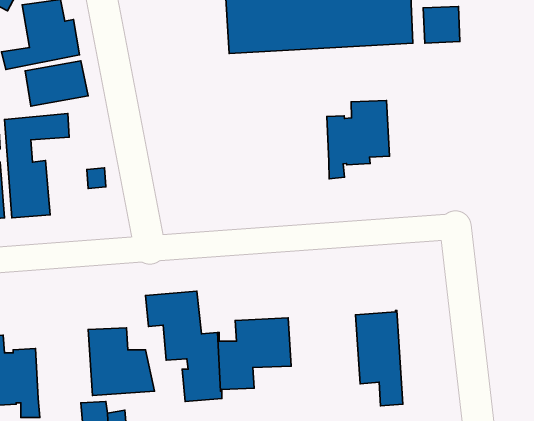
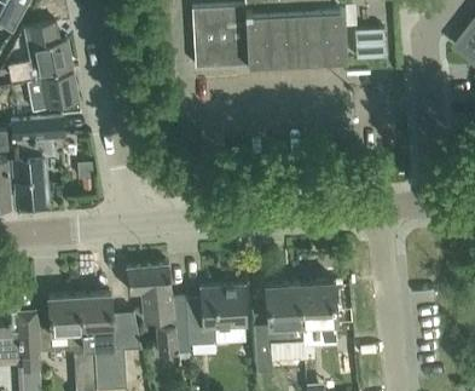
building: [327,101,390,179] -> none
building: none -> [266,286,303,364]
building: none -> [36,298,83,355]

